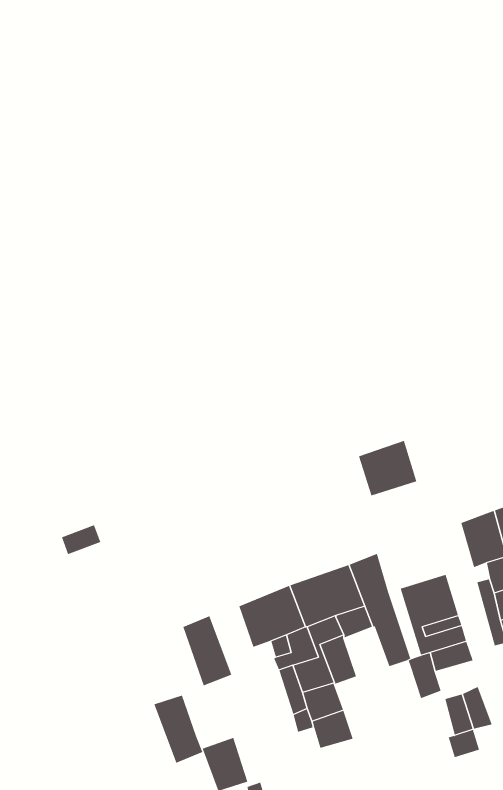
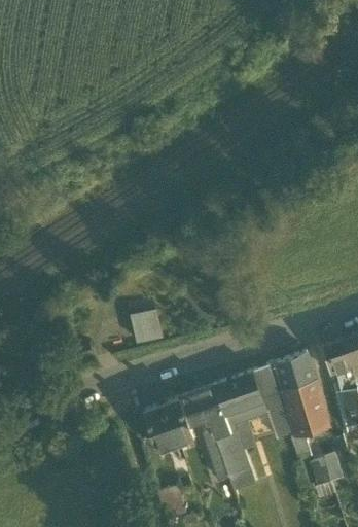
building: [358,440,417,496] -> [277,352,315,388]
building: none -> [131,314,163,345]
building: [154,695,203,763] -> [163,399,194,444]

